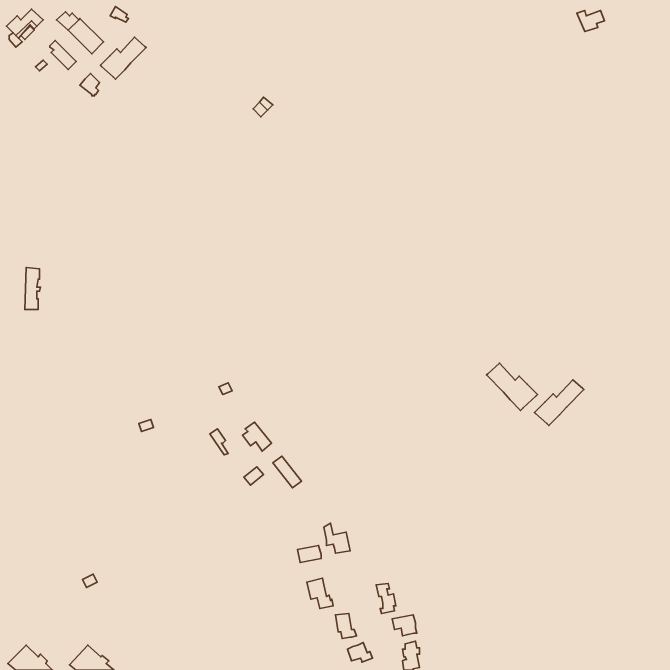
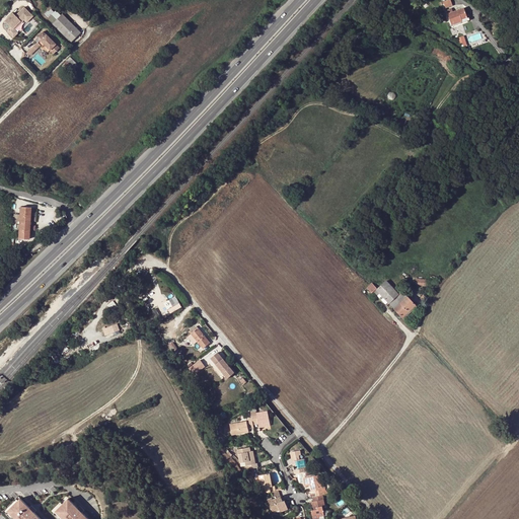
building: [100,37,146,79] -> none
building: [534,380,584,426] -> none

